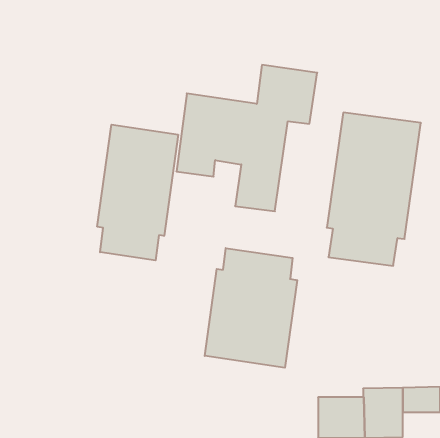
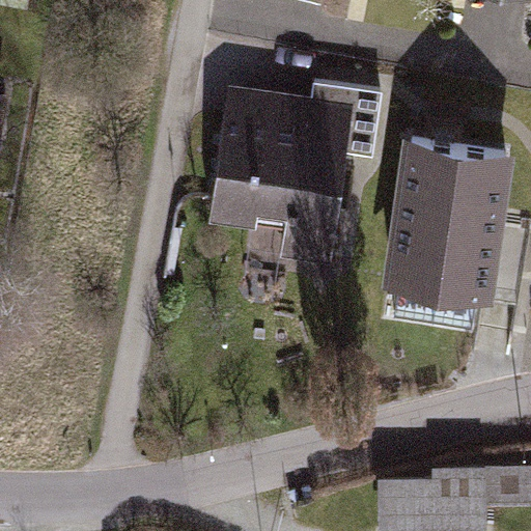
building: [97,125,178,260] -> none
building: [205,248,297,368] -> none

